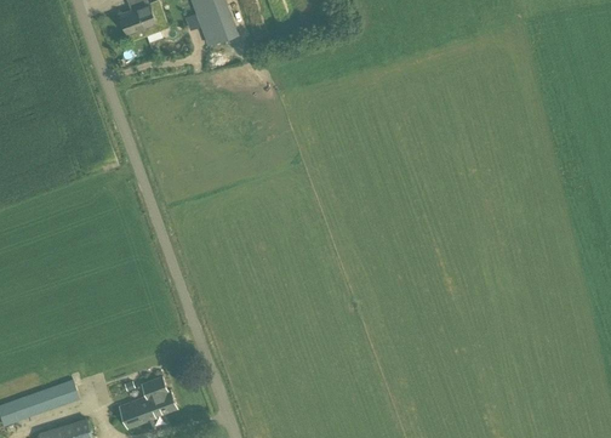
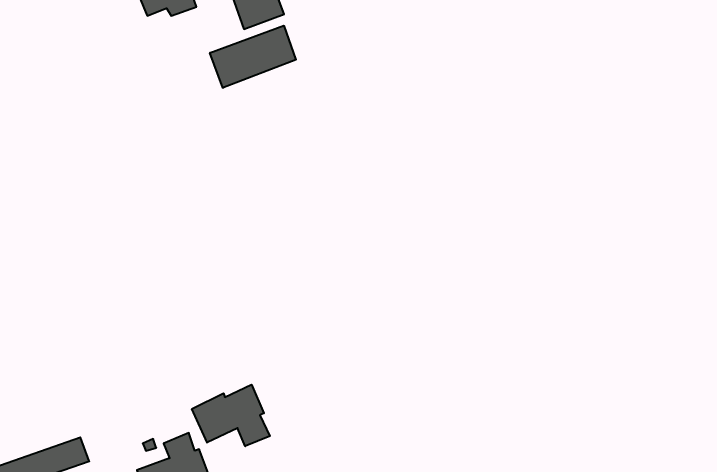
building: none -> [210,26,296,88]
building: none -> [192,385,270,446]

